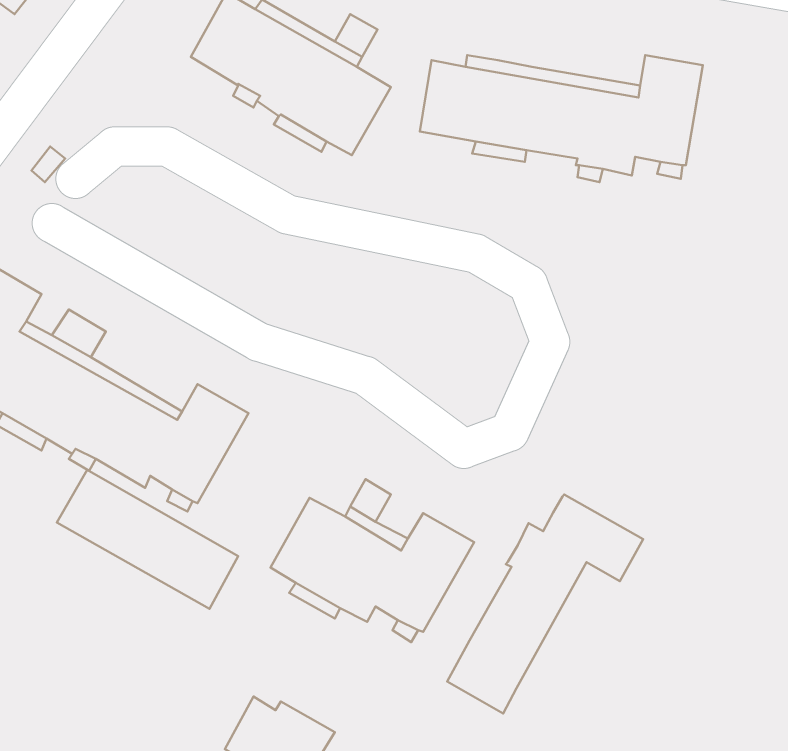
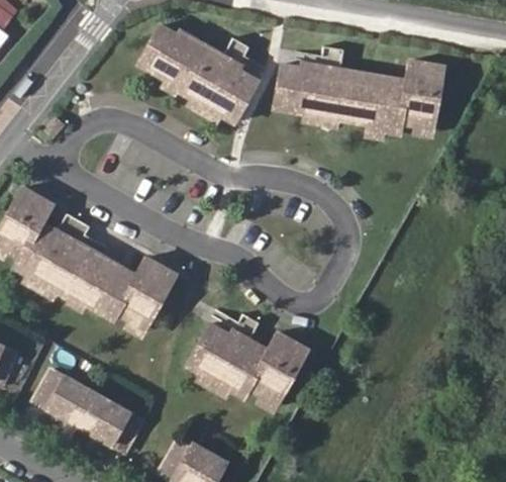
building: [57,470,238,609] -> [34,369,142,452]
building: [447,494,643,713] -> none

